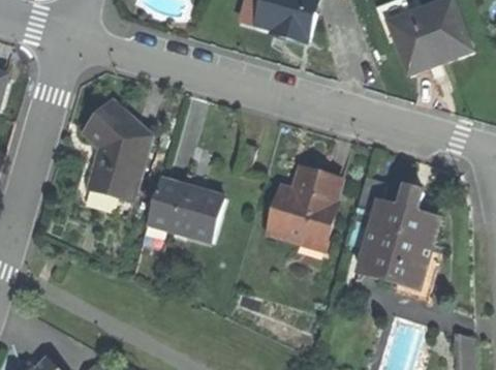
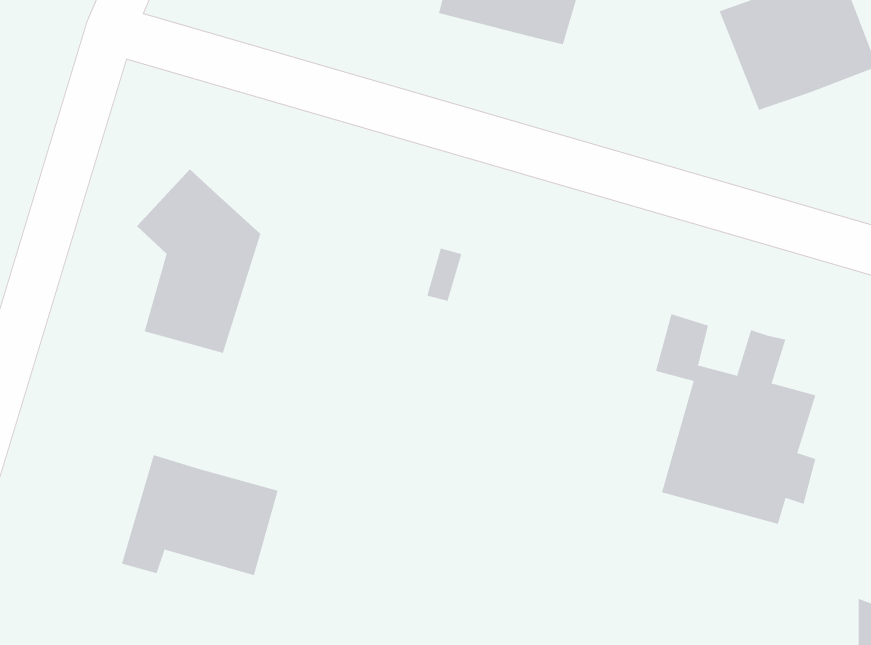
building: [268,167,339,248] -> none
building: [144,178,225,241] -> [121,455,278,576]

